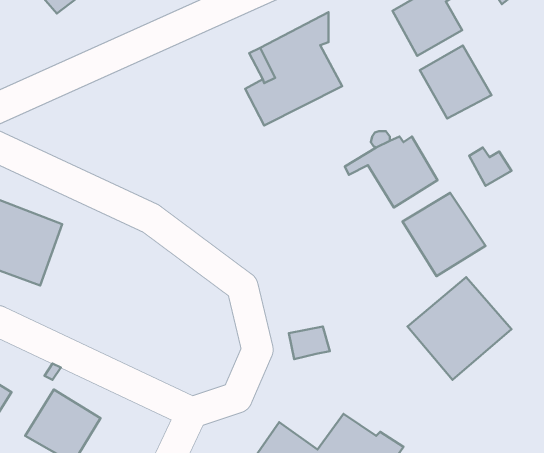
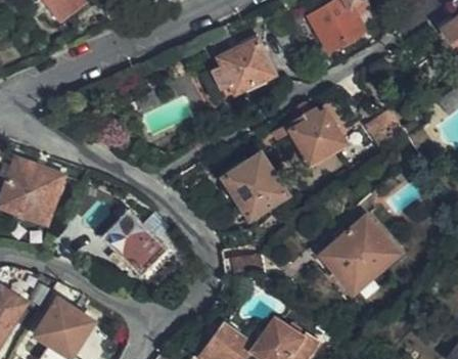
building: [420,46,492,119] -> none
building: [402,193,486,276] -> [225,154,287,217]
building: none -> [102,209,167,274]

